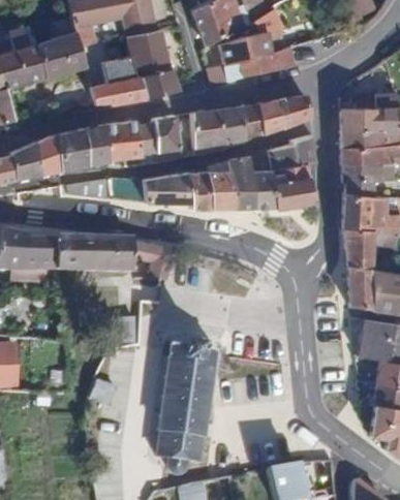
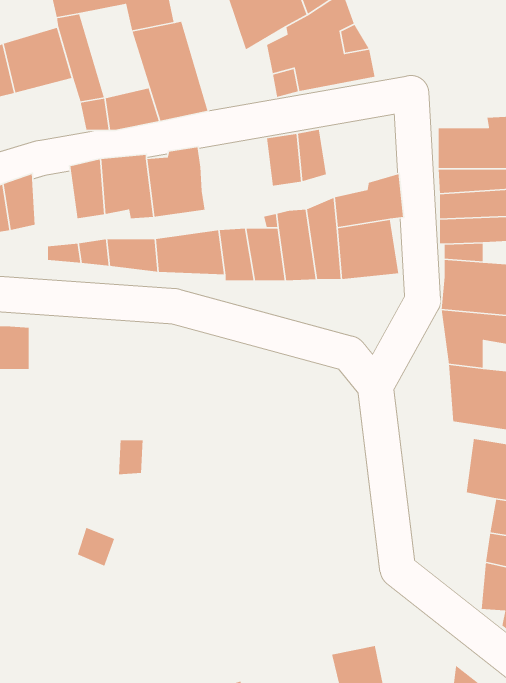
building: [258,95,310,134] -> none
building: [191,108,226,156] -> none
building: [58,128,89,169] -> none
building: [56,239,173,281] -> none
building: [157,344,216,475] -> none

